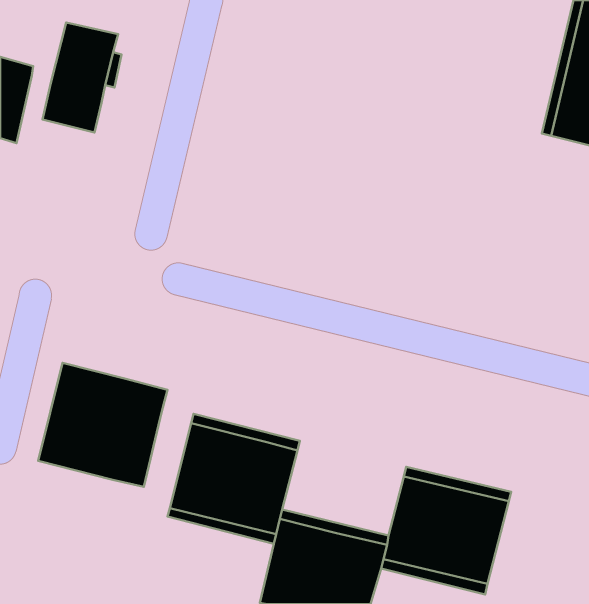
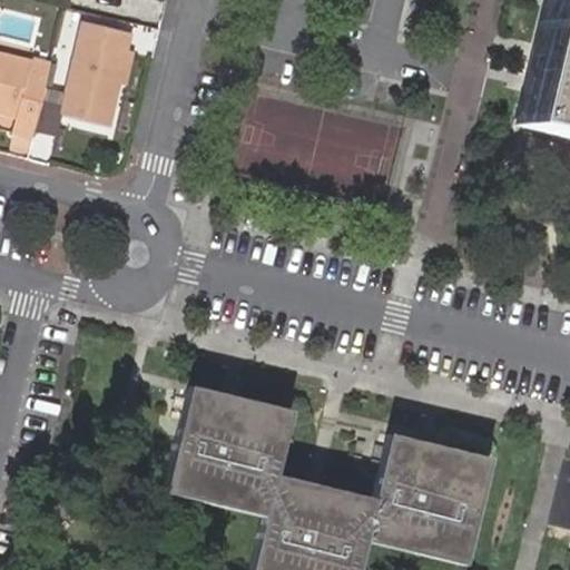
building: [38,363,168,487] -> none

